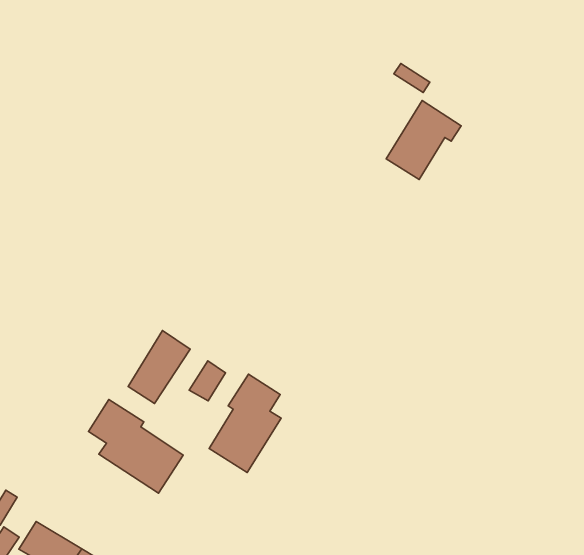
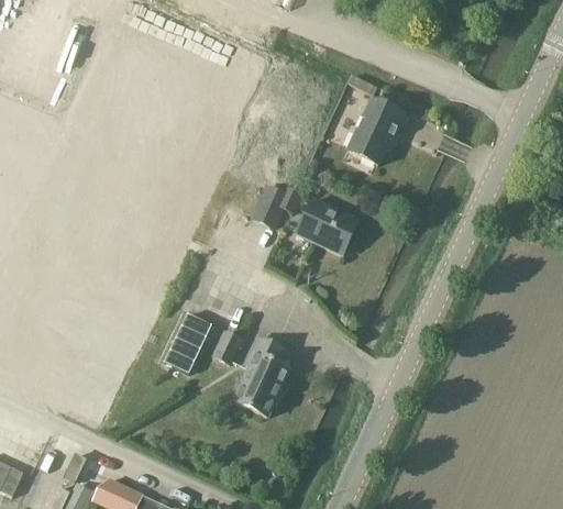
building: none -> [252,187,300,226]
building: none -> [296,199,356,251]
building: [89,399,183,493] -> none

